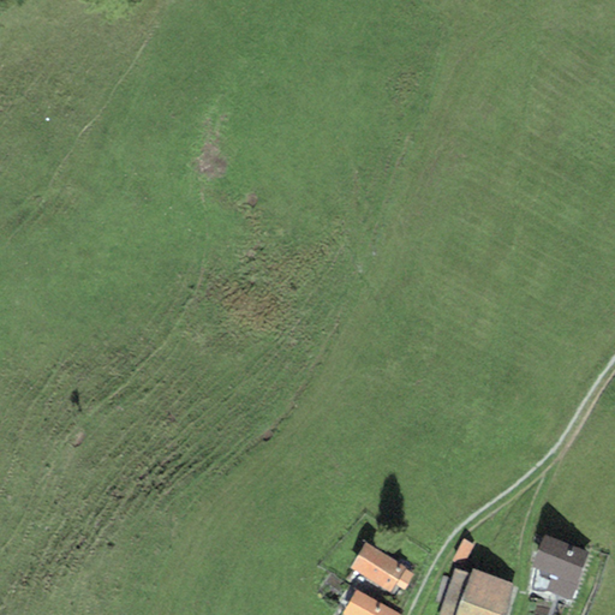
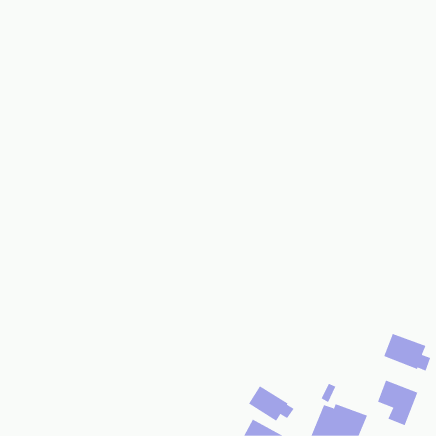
building: none -> [384,333,431,371]

